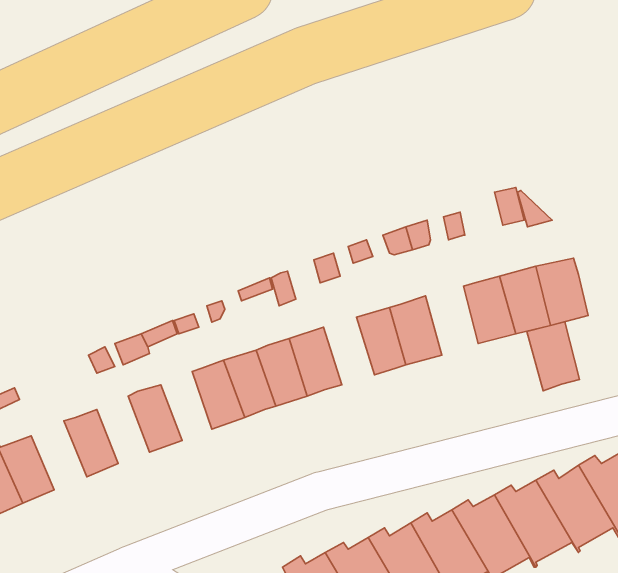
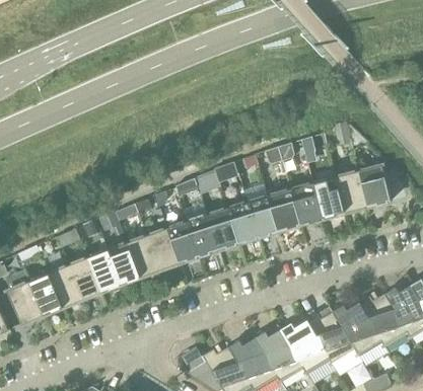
building: none -> [228,202,260,243]
building: [527,322,579,391] -> [291,182,324,225]
building: none -> [128,235,159,278]
building: none -> [88,250,121,292]
building: none -> [48,265,82,308]

